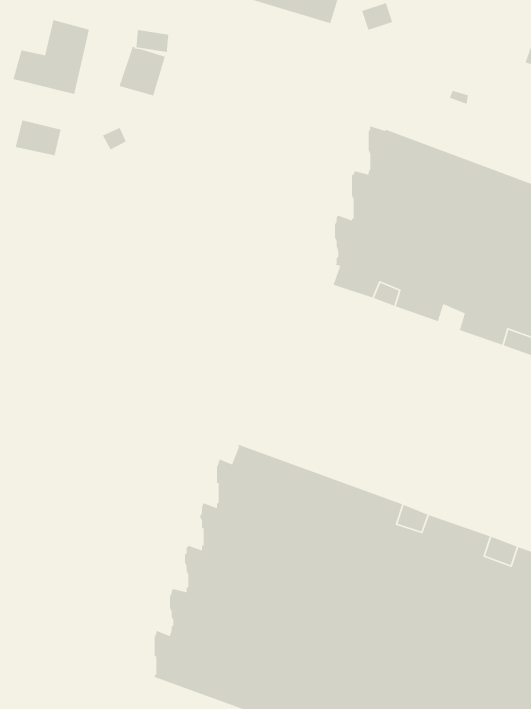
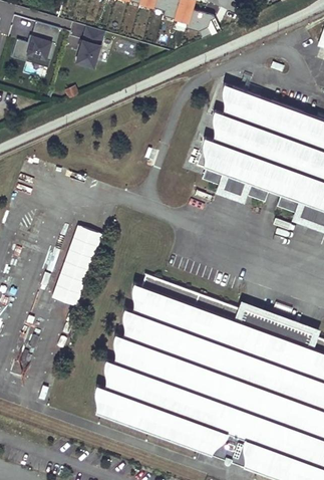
building: [15,120,62,156] -> none
building: none -> [52,223,102,305]

